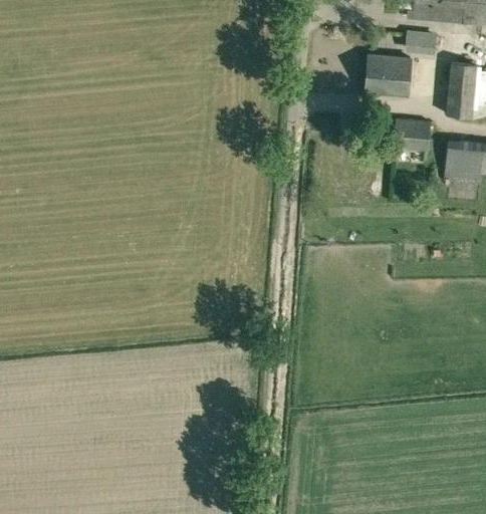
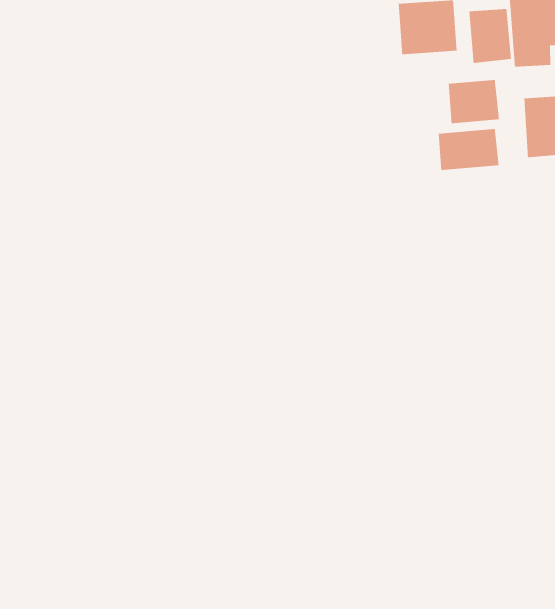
building: none -> [468,8,512,64]
building: none -> [438,128,500,171]

